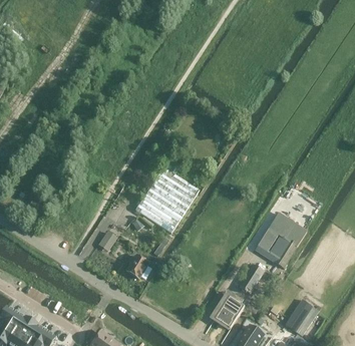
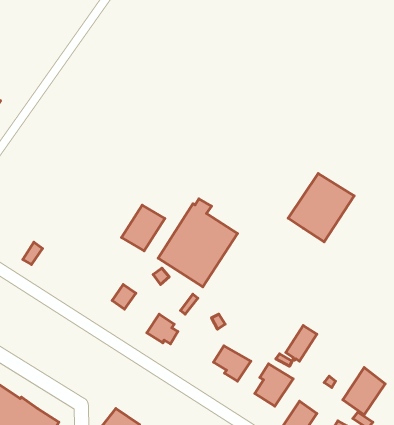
building: none -> [122,205,165,251]
building: [255,213,308,268] -> [288,174,354,242]
building: none -> [213,346,251,381]

